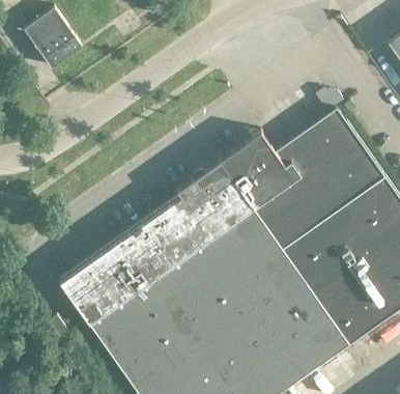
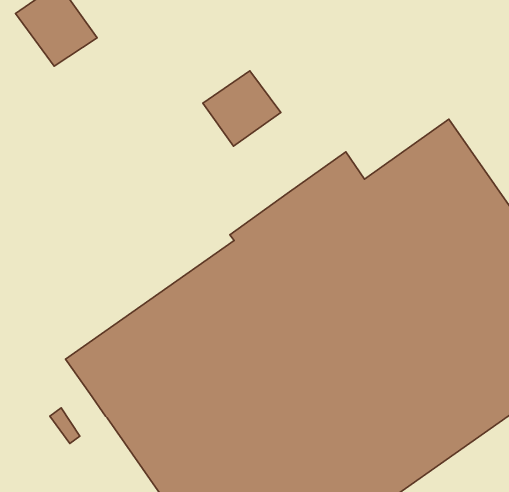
building: none -> [203,71,281,146]

